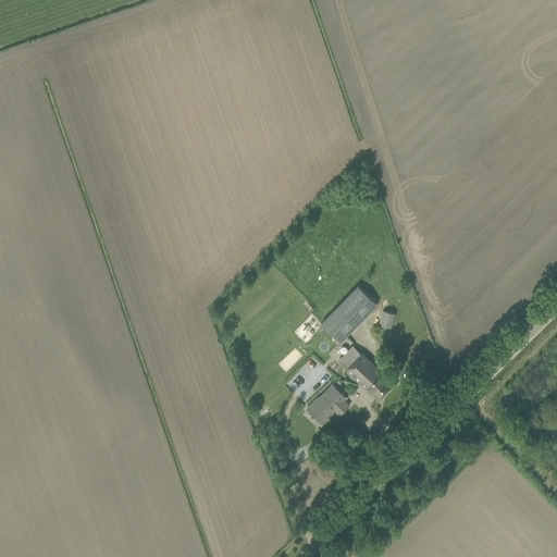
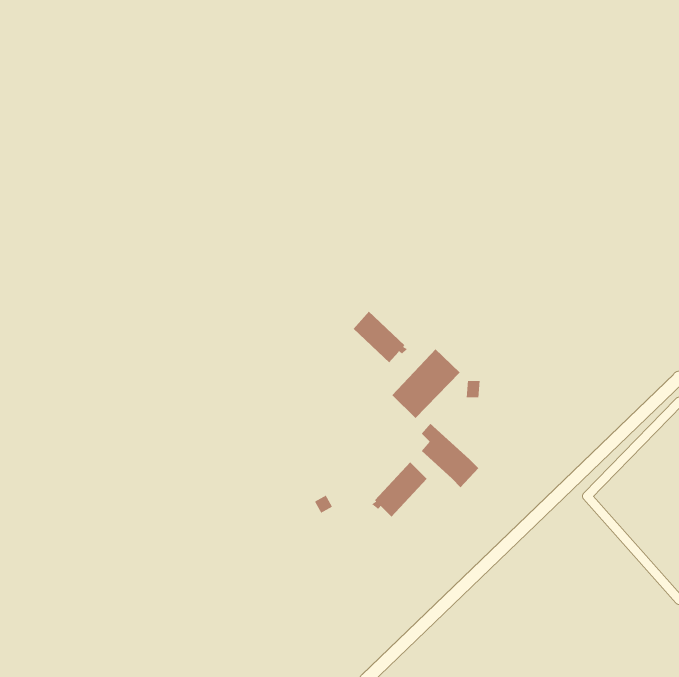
building: none -> [353,311,408,363]

